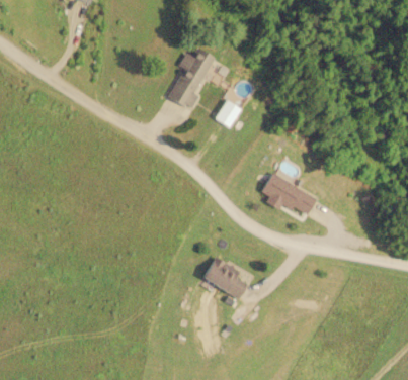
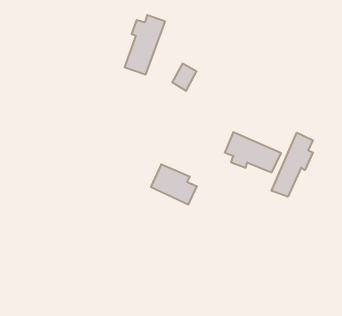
building: none -> [272,133,313,197]
building: [201,257,247,299] -> [151,164,197,205]

